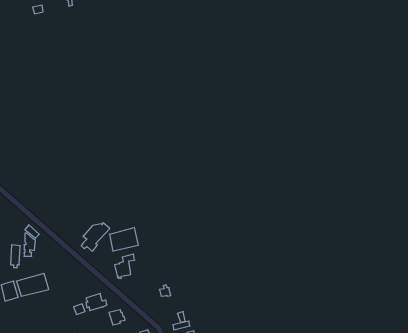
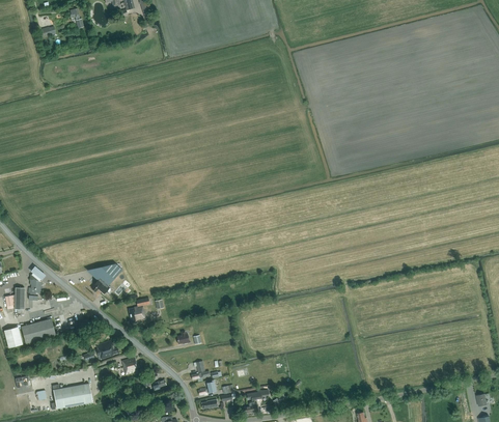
building: [110,227,138,251] -> none

